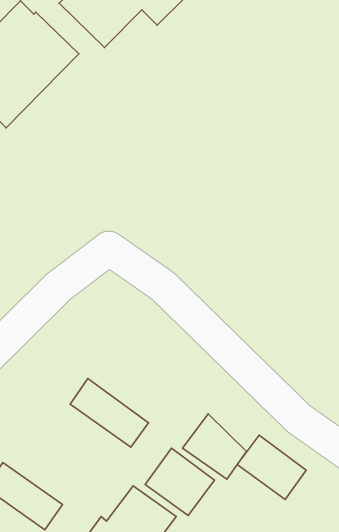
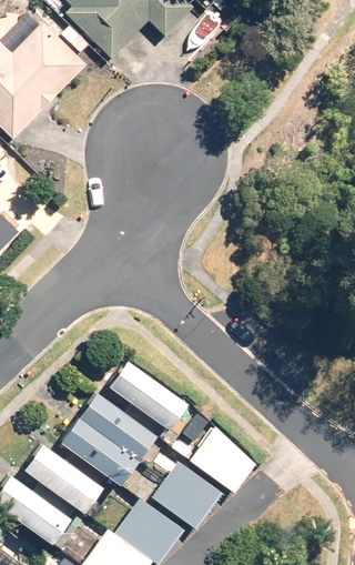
building: none -> [106,360,185,428]
building: none -> [59,416,138,485]
building: none -> [22,444,101,513]
building: [237,435,306,500] -> none

